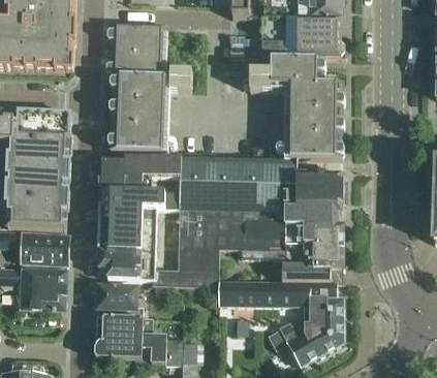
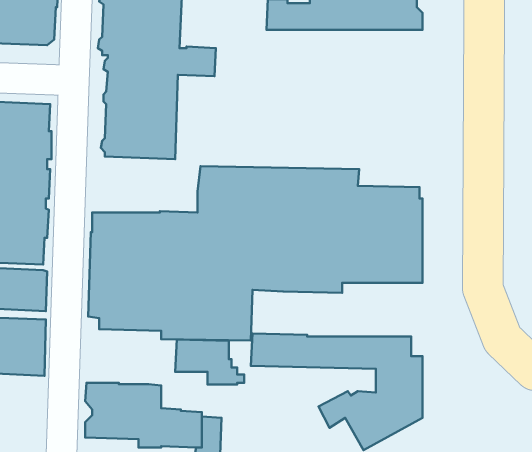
building: [249,57,343,158] -> none
building: [100,156,180,191] -> none
building: [241,243,343,282] -> none
building: [96,284,147,317] -> [175,339,244,384]

